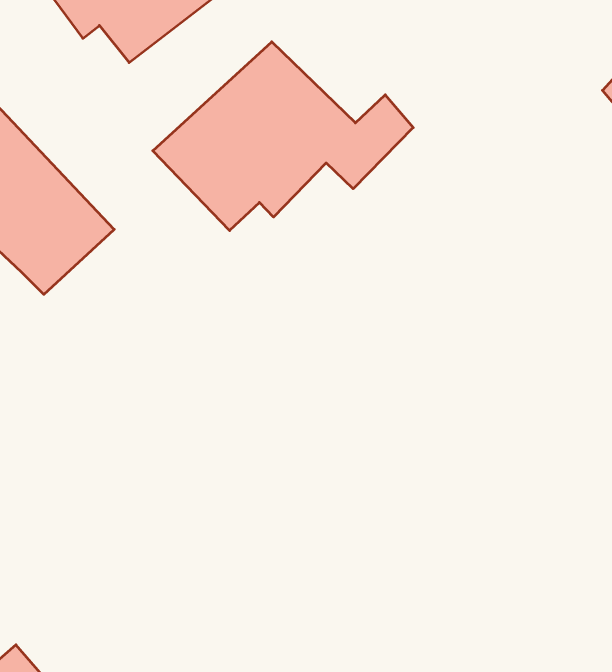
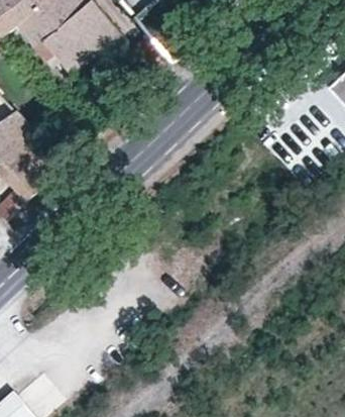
building: [153,42,413,231] -> none

